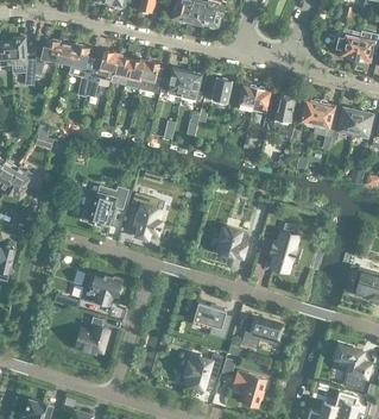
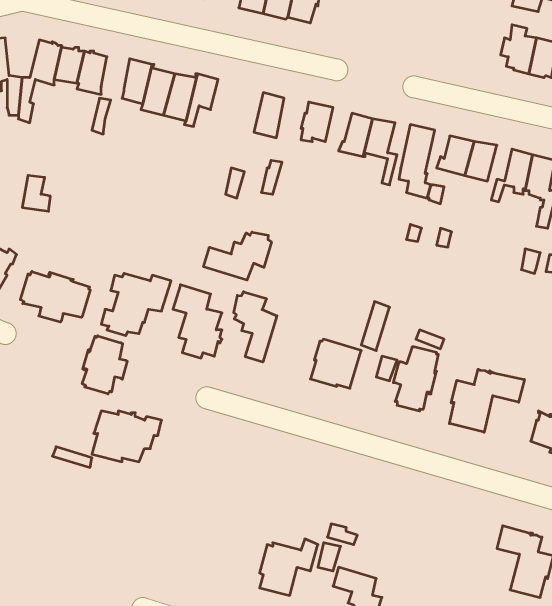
building: [157,68,187,106] -> none
building: none -> [204,232,271,280]
building: none -> [20,271,90,322]
building: none -> [234,292,277,362]
building: none -> [82,336,127,394]
building: none -> [449,369,524,432]
building: [192,302,227,339] -> none
building: [75,317,108,352] -> none
building: [240,318,283,345] -> none

